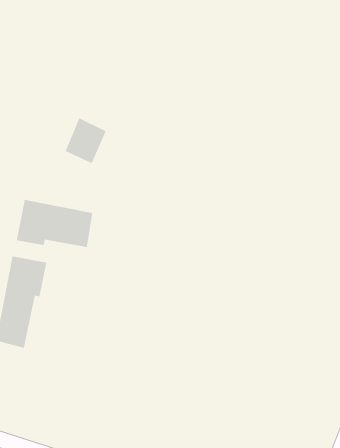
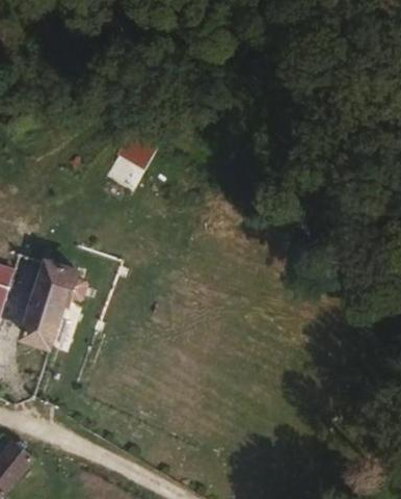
building: [16,199,93,248] -> none

